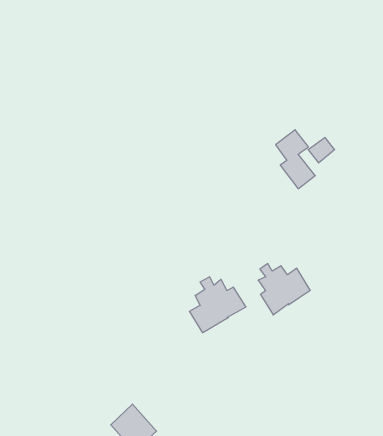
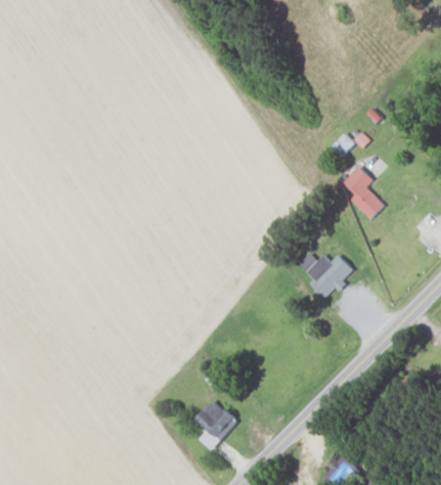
building: [276,130,315,189] -> [344,166,384,218]
building: [189,277,246,333] -> none

